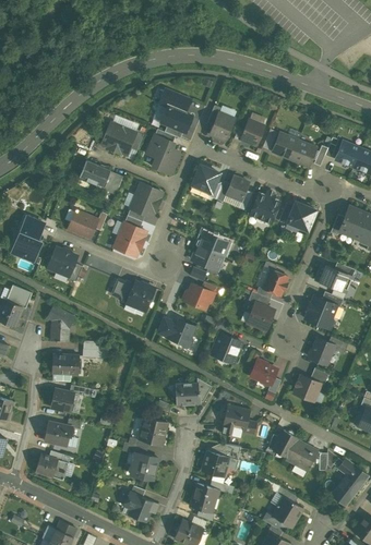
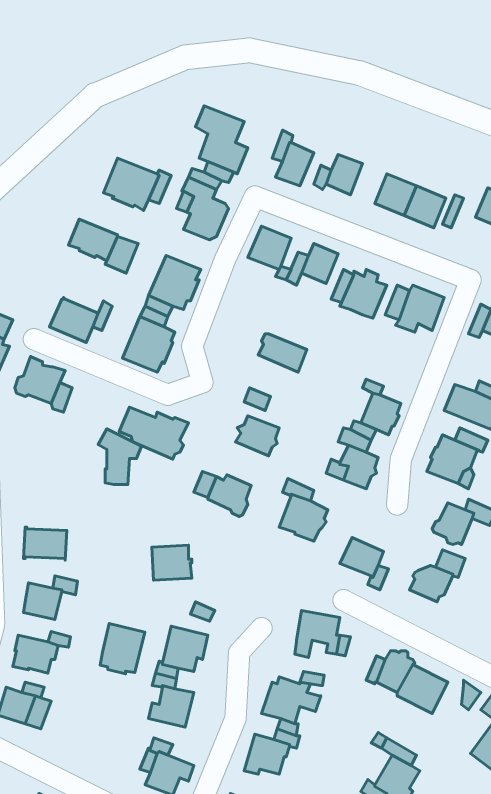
building: [192,245,224,270] -> none
building: [47,306,74,341] -> [98,429,142,484]
building: [175,383,200,404] -> [152,545,192,580]
building: none -> [100,624,145,674]

